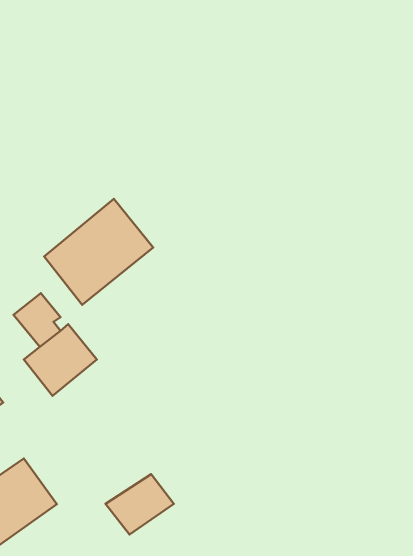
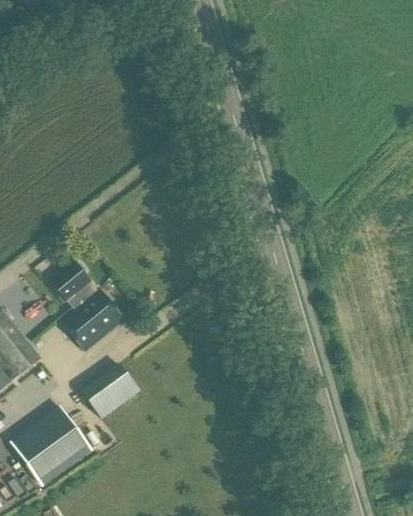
building: [44,199,153,305] -> none
building: [105,474,174,535] -> [81,366,141,419]

